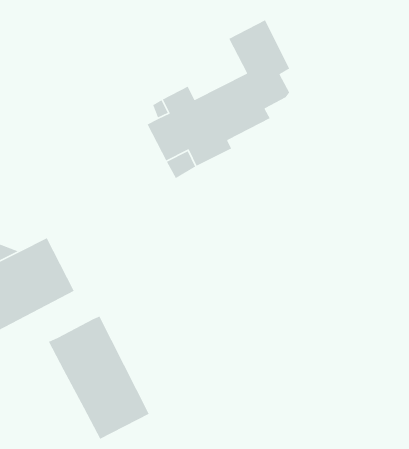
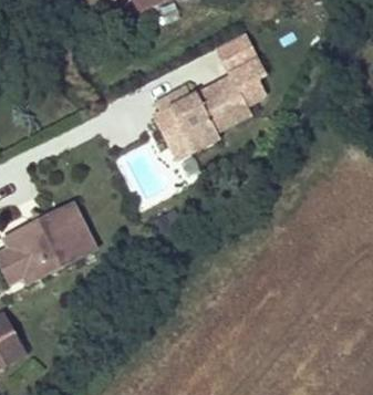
building: [48,315,150,440] -> none

